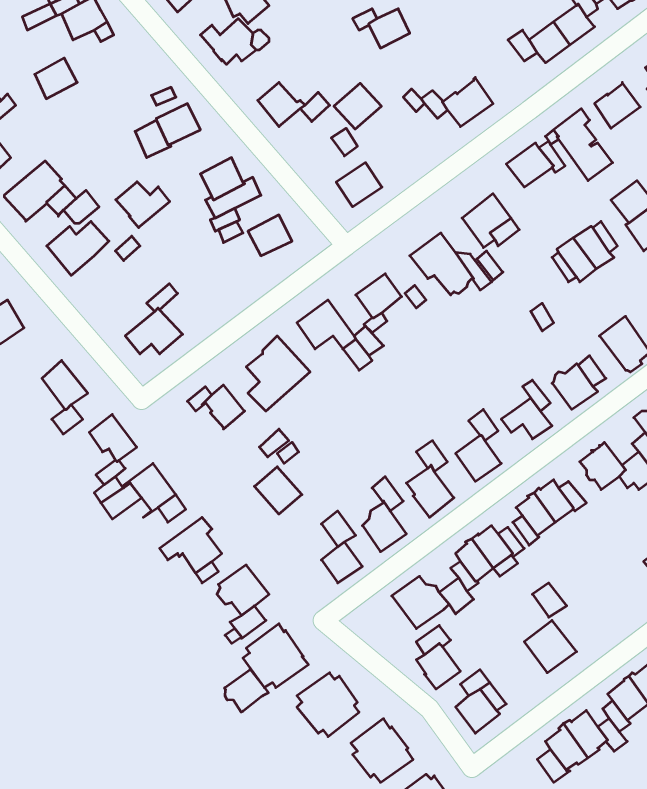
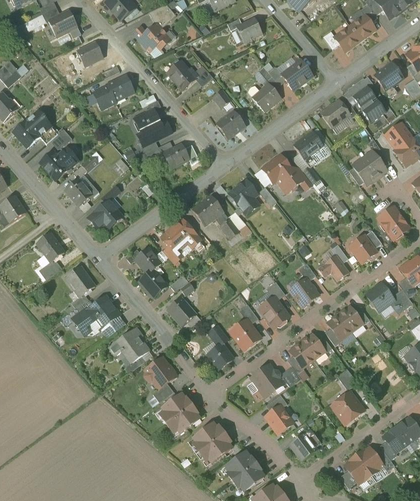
building: [35,58,77,99] -> [77,41,103,66]
building: [334,83,381,129] -> [252,82,281,110]
building: [116,182,170,228] -> [64,178,97,206]
building: none -> [140,269,167,296]
building: [225,669,268,712] -> none

